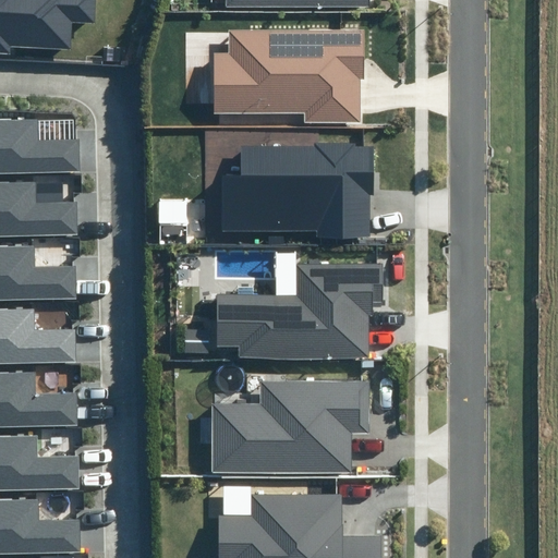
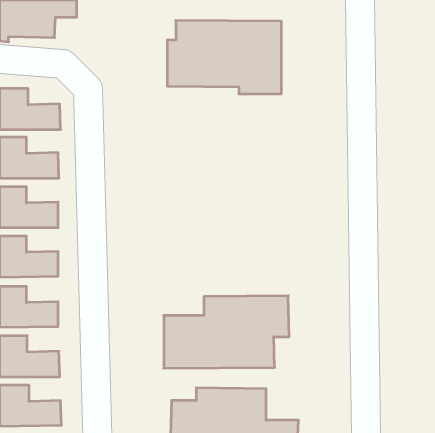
building: [222,148,372,240] -> none
building: [215,266,380,362] -> none

